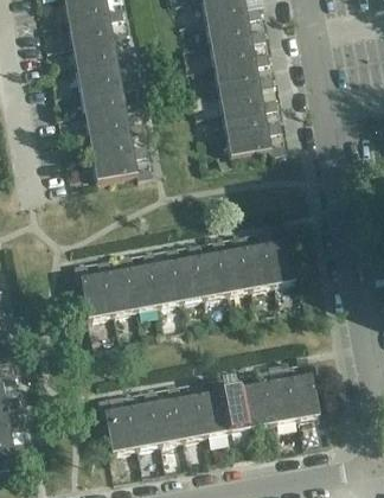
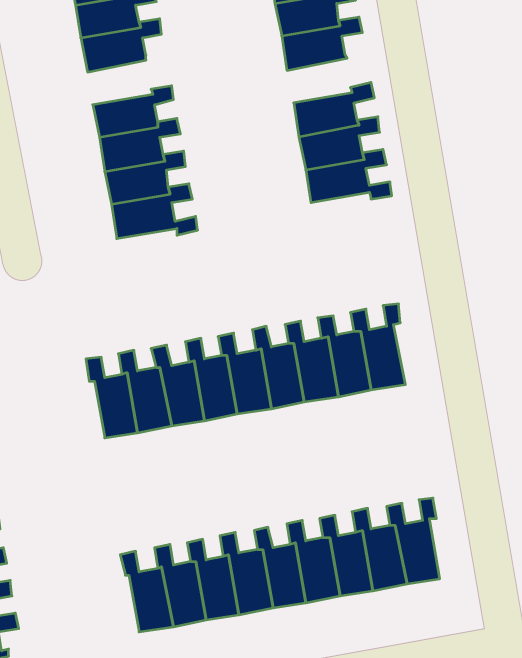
building: [212,49,268,85] -> none
building: [75,50,130,87] -> none

